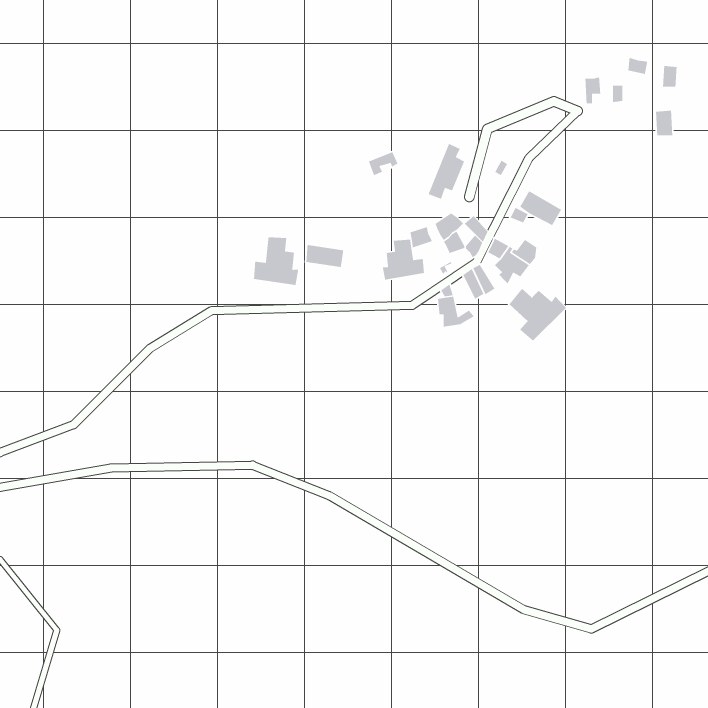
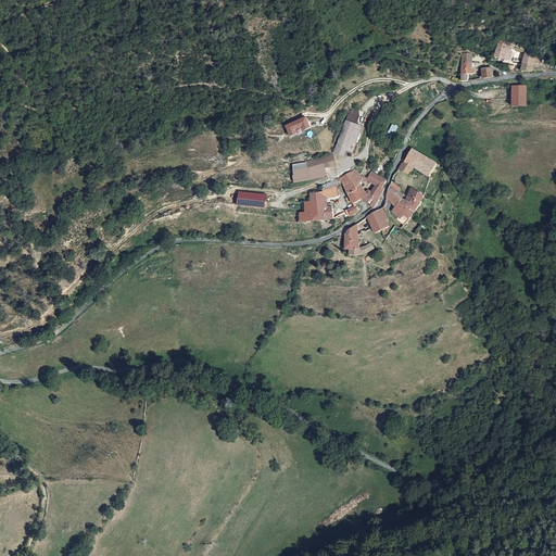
building: none -> [291,153,333,180]
building: [253,237,299,286] -> none
building: [508,288,567,342] -> none

